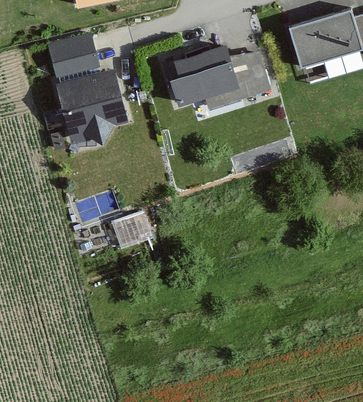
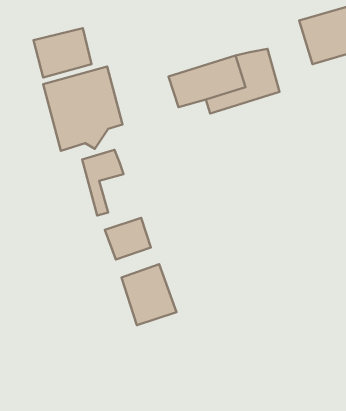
building: none -> [82,150,124,216]
building: none -> [121,264,176,325]

